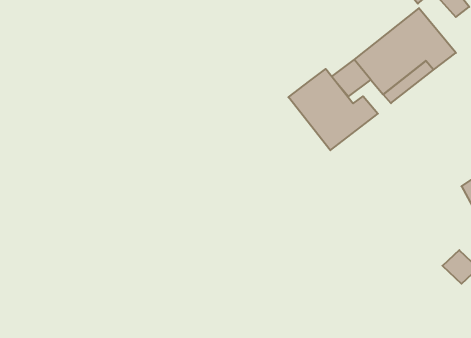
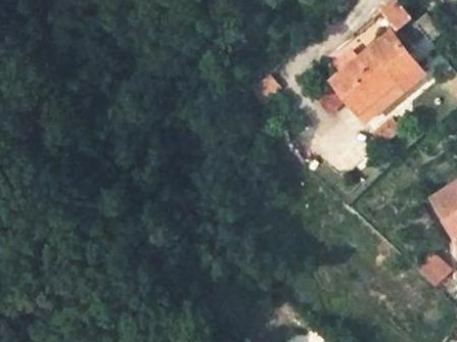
building: [288,69,378,150] -> none

